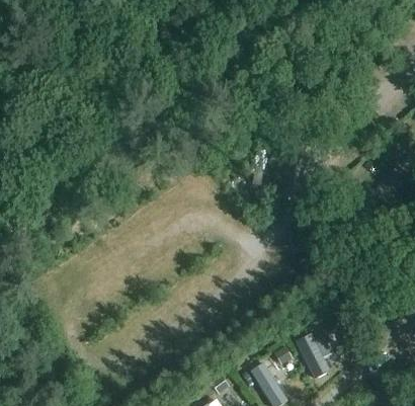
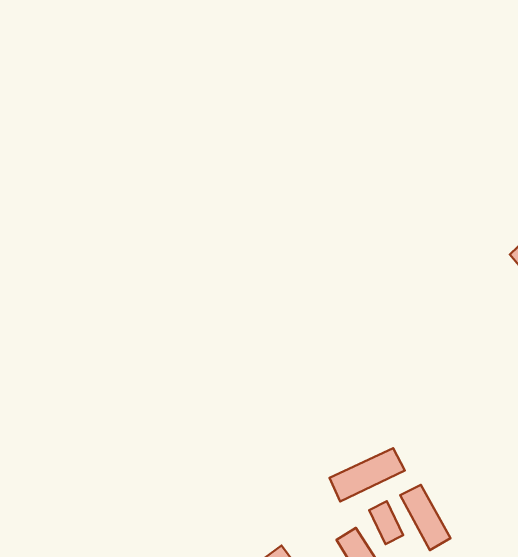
building: none -> [330,448,405,501]

